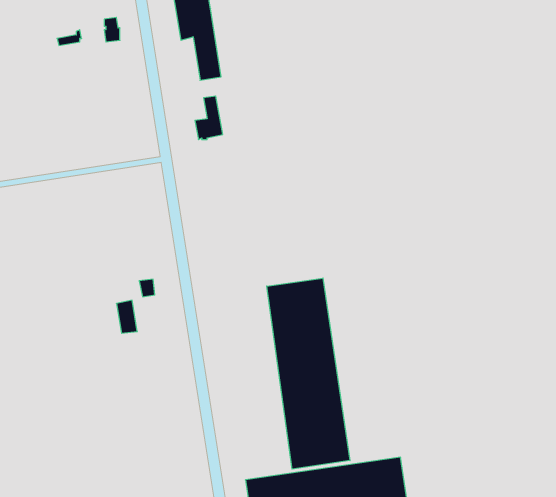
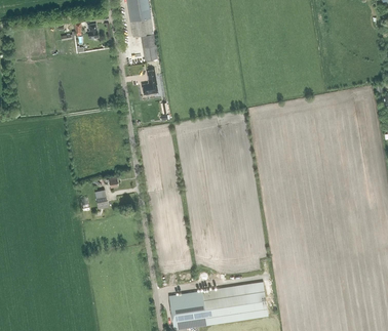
building: [267,278,350,469] -> none

